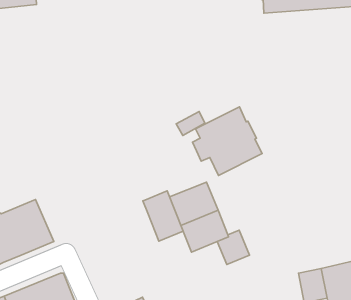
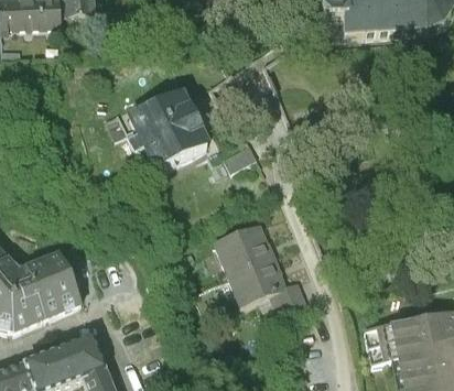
building: [193,107,262,176] -> [126,98,206,177]
building: [143,191,183,241] -> none

